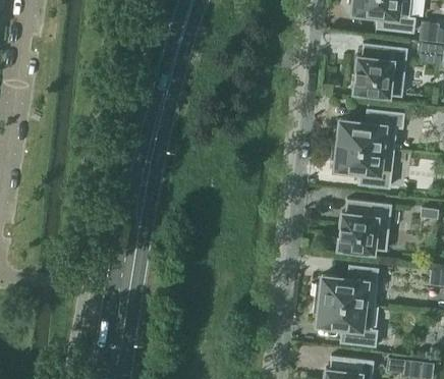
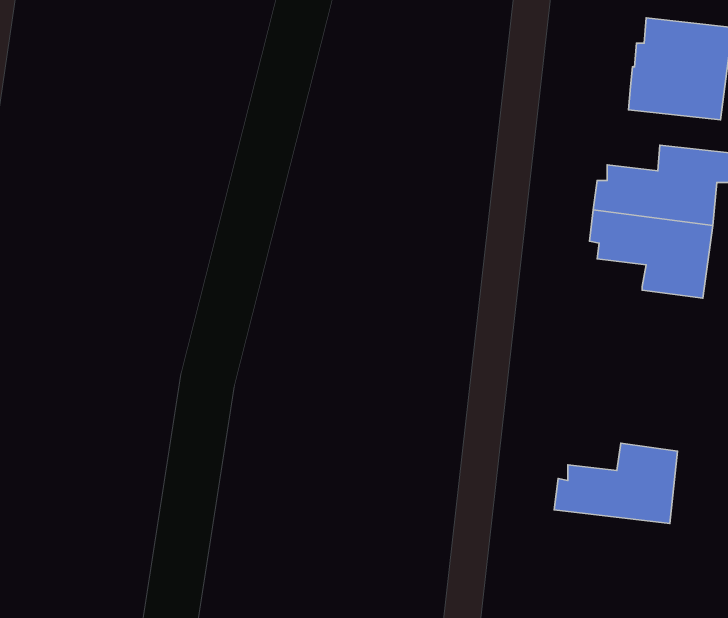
building: [337,200,390,251] -> none
building: [312,300,377,347] -> none

